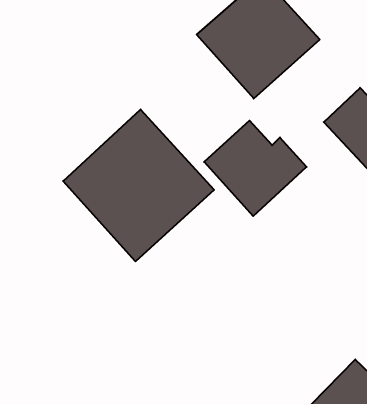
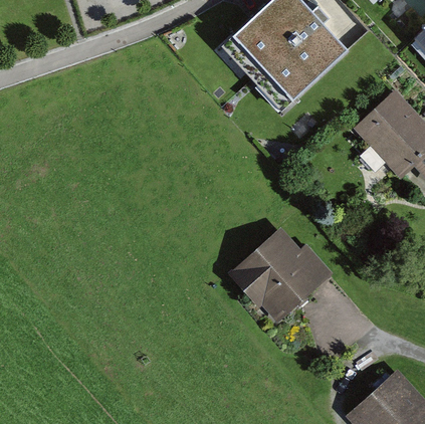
building: [63,109,214,261] -> none
building: [204,121,307,216] -> [231,231,336,329]

